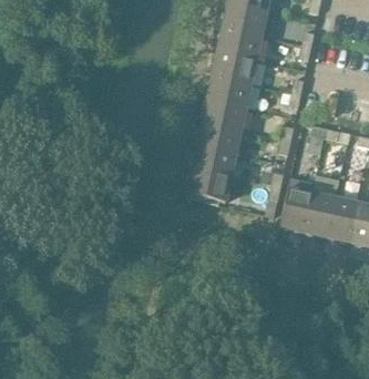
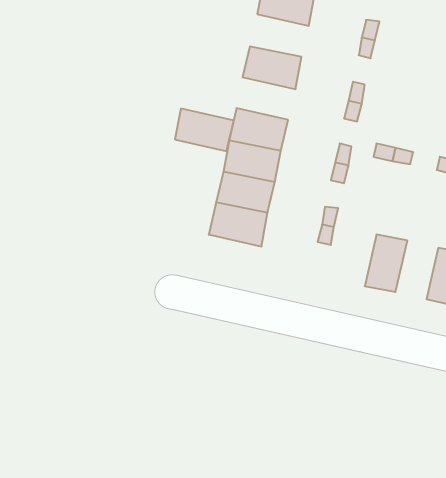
building: [218,27,263,59] -> none
building: [208,74,253,106] -> [175,109,234,151]
building: [280,177,316,232] -> none
building: [328,197,360,242] -> none

